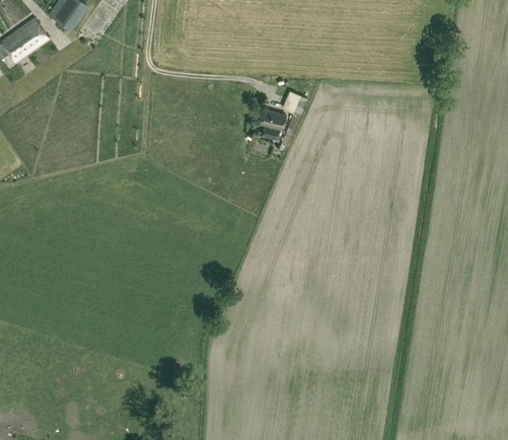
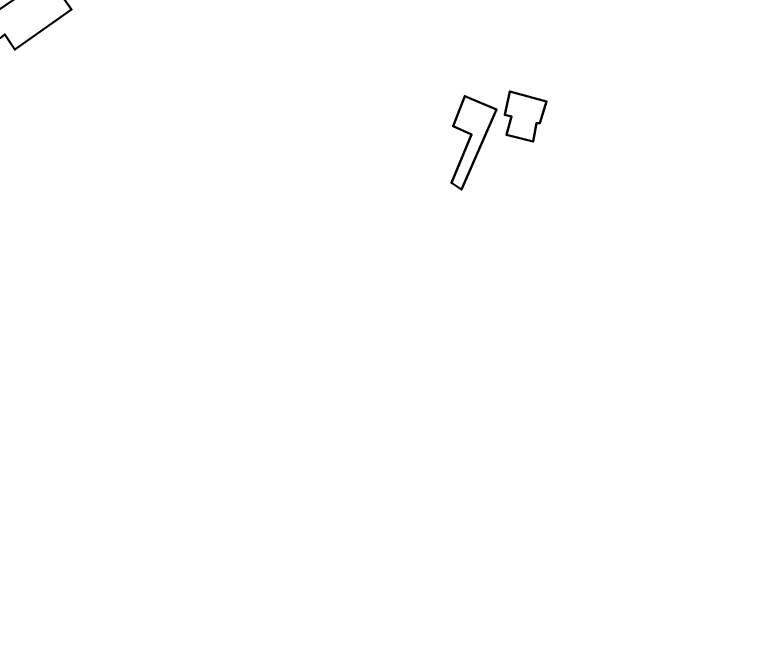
building: [261,108,286,139] -> [505,91,547,141]

